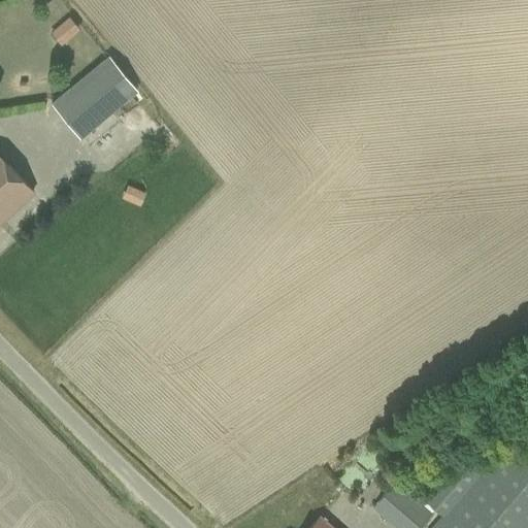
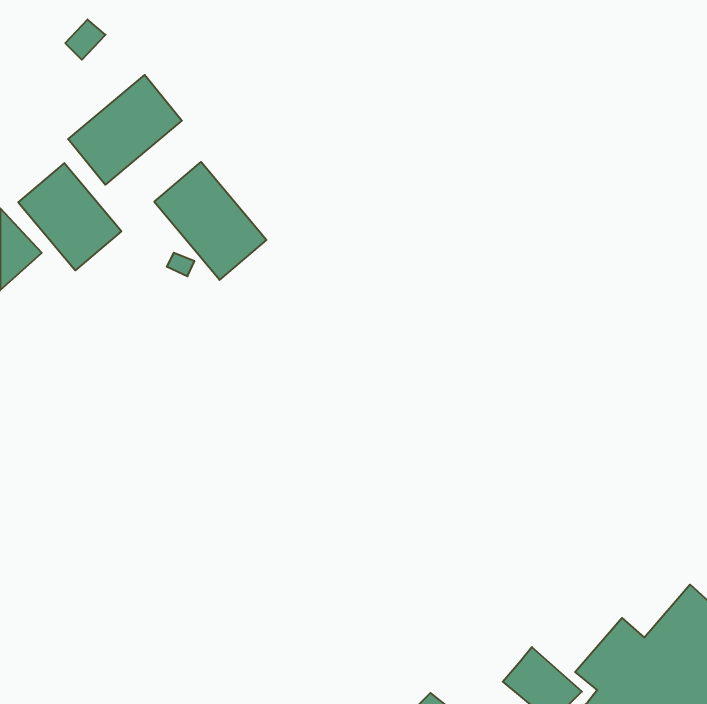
building: none -> [154,162,266,280]
building: none -> [18,163,121,270]

